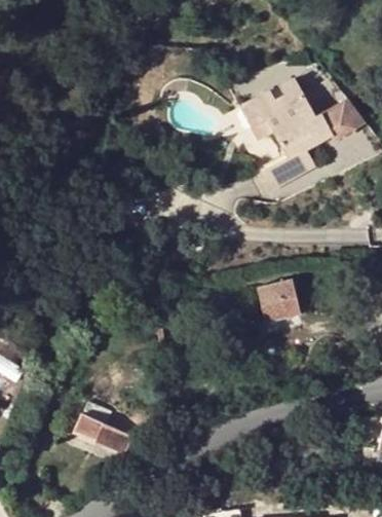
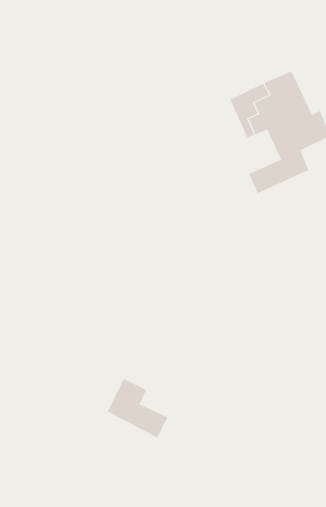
building: [258,280,302,322] -> none
building: [77,403,132,455] -> [107,378,168,438]

